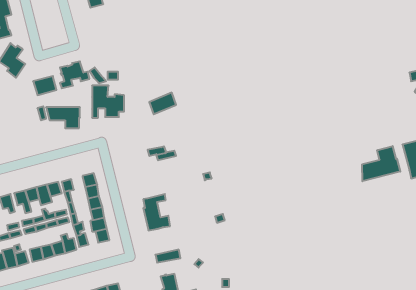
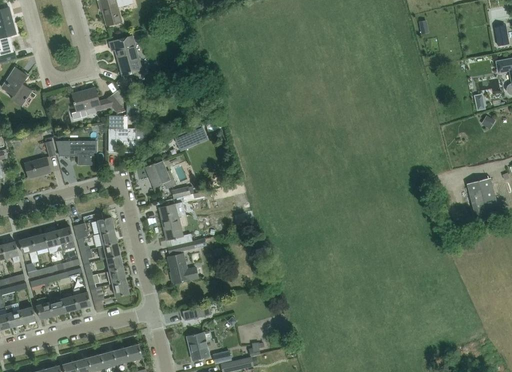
building: none -> [108,36,141,76]
building: [33,76,56,95] -> [23,157,50,179]
building: none -> [145,160,175,189]
building: [362,146,400,181] -> none
building: none -> [158,202,192,246]

